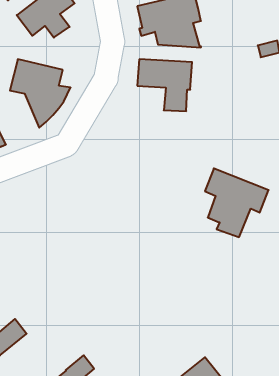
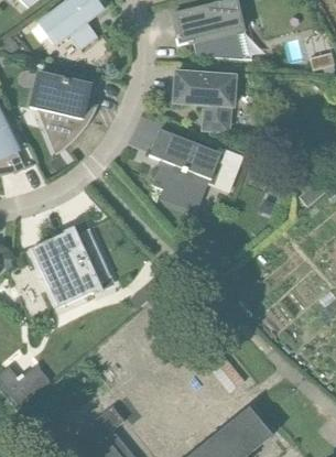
building: [205,168,269,237] -> [149,128,220,205]
building: none -> [28,227,116,311]

